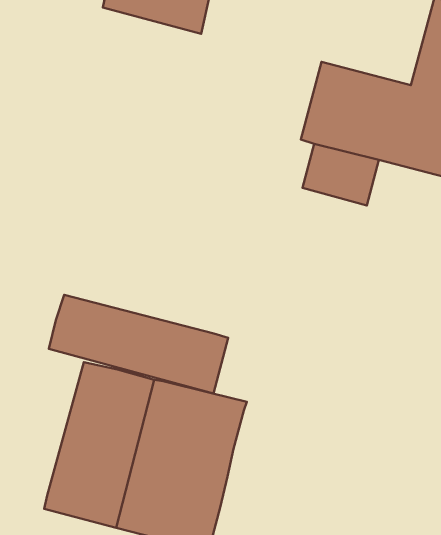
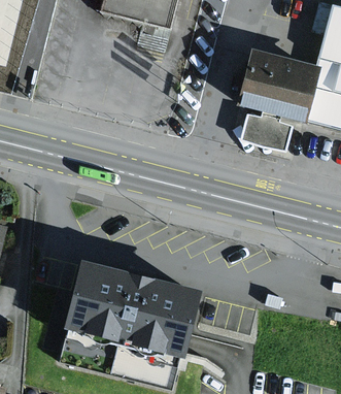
building: [49,295,228,394] -> none

